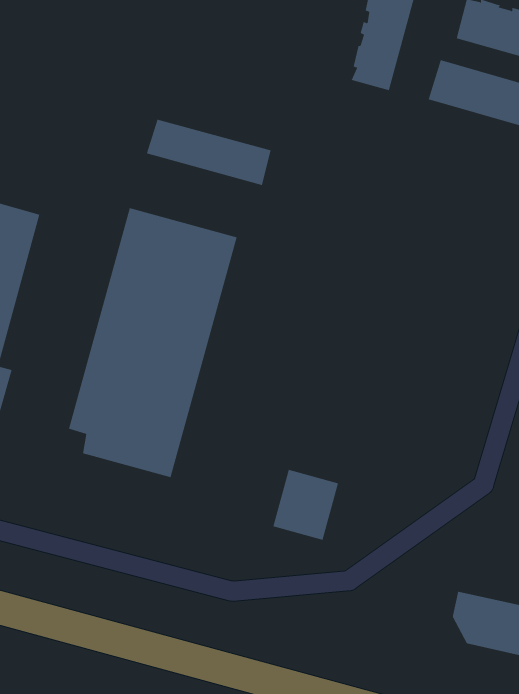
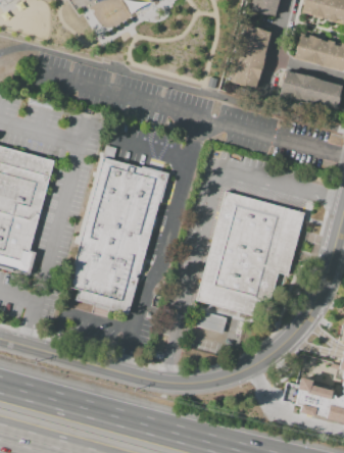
building: [146,119,271,186] -> none
building: none -> [198,191,305,317]

